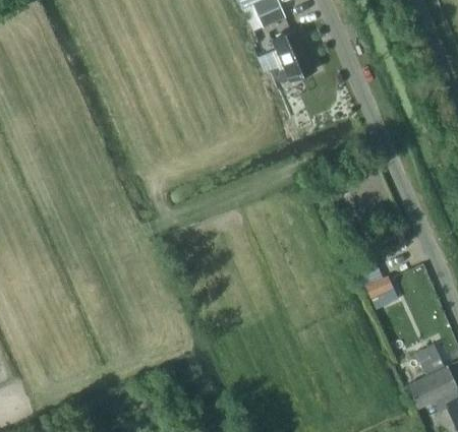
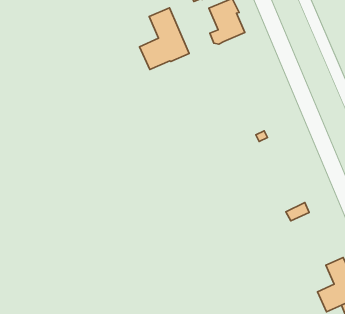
building: none -> [140,8,189,69]

